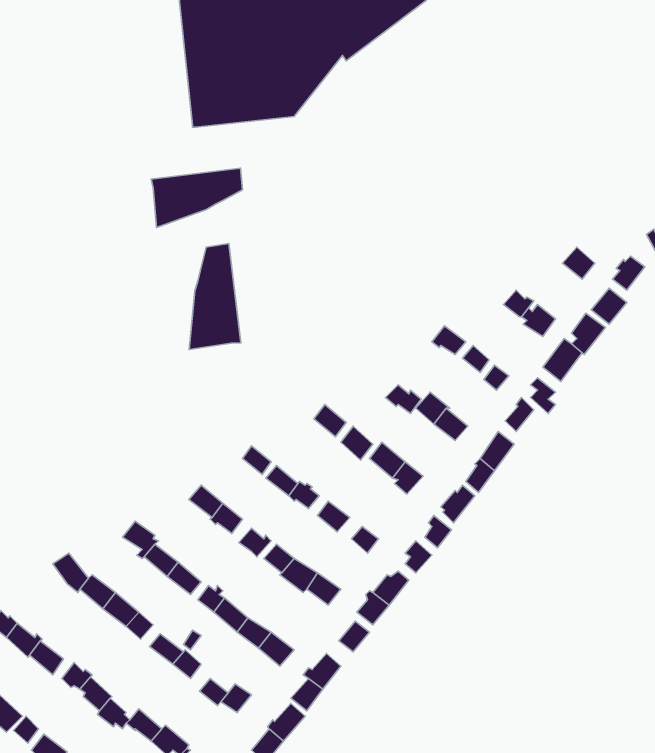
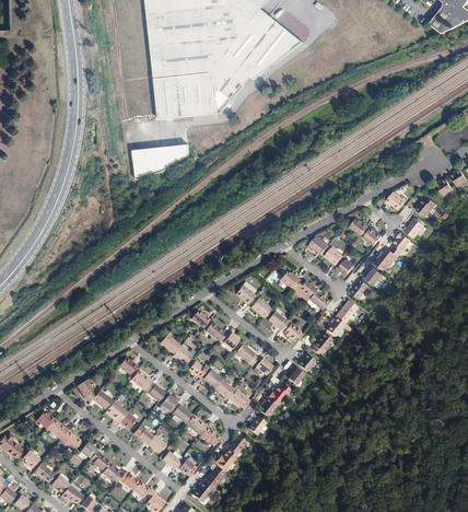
building: [189,243,241,349] -> none

